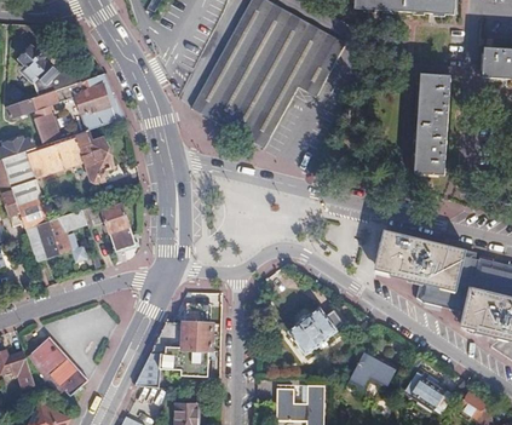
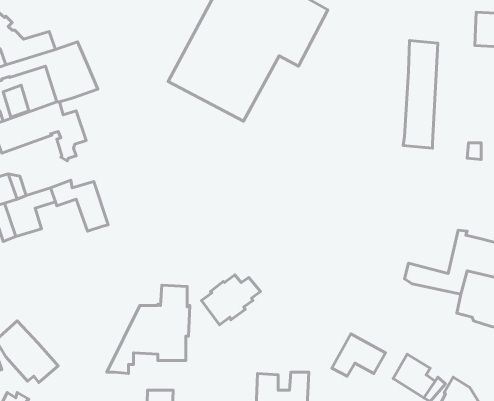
building: [376,230,466,292] -> none
building: [287,308,343,355] -> [202,275,260,325]

